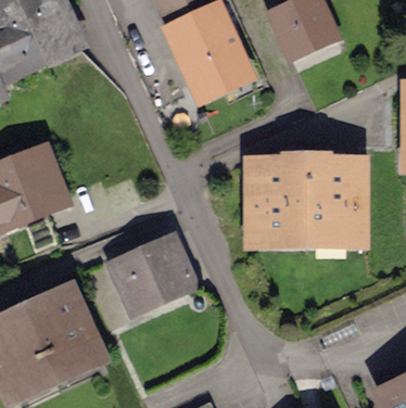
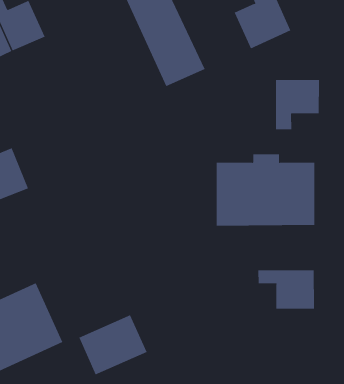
building: none -> [275,79,319,130]
building: [118,243,190,306] -> [78,315,147,375]
building: none -> [258,269,314,309]

